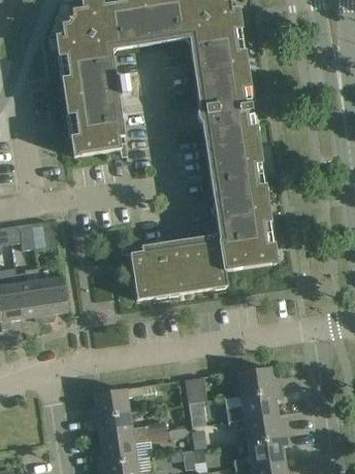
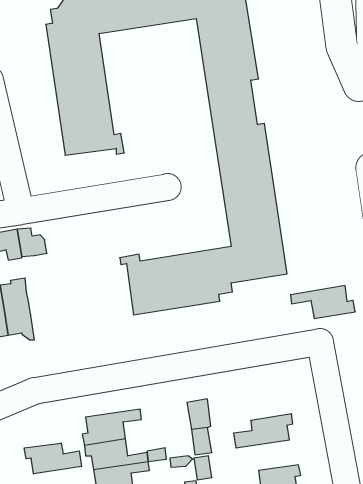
building: [38,276,67,323] -> none
building: [220,366,279,396] -> [290,286,355,319]
building: [228,413,285,441] -> none
building: none -> [24,443,81,474]

